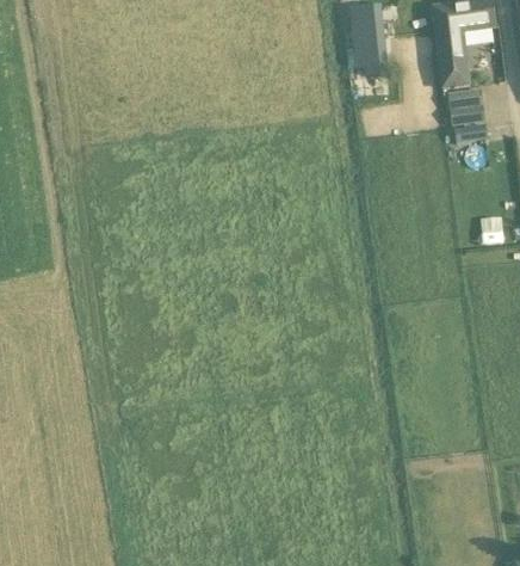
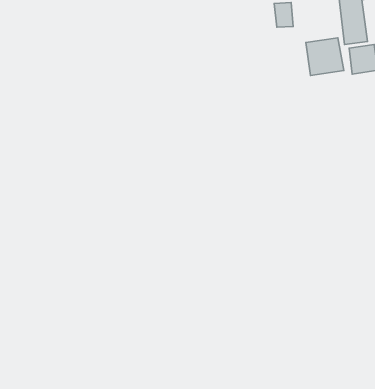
building: none -> [306,38,344,76]

